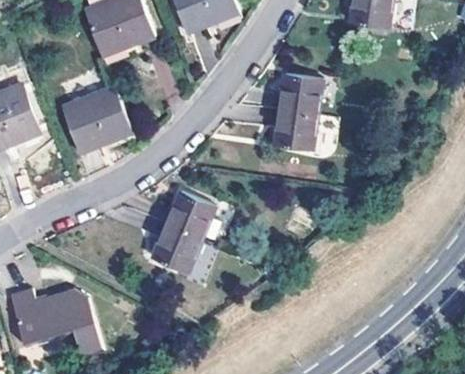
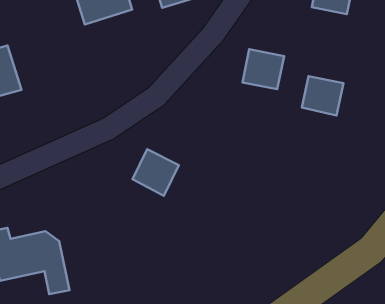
building: [60,87,129,153] -> none
building: [274,109,318,150] -> [302,76,343,115]
building: [152,224,201,272] -> none

